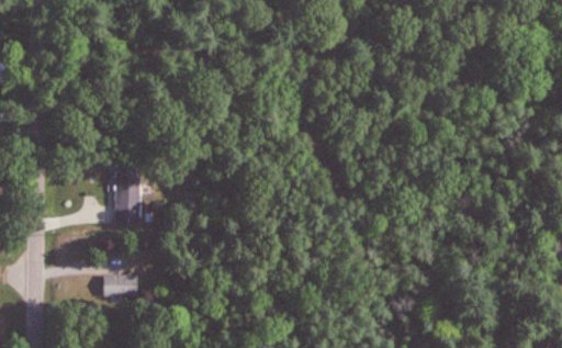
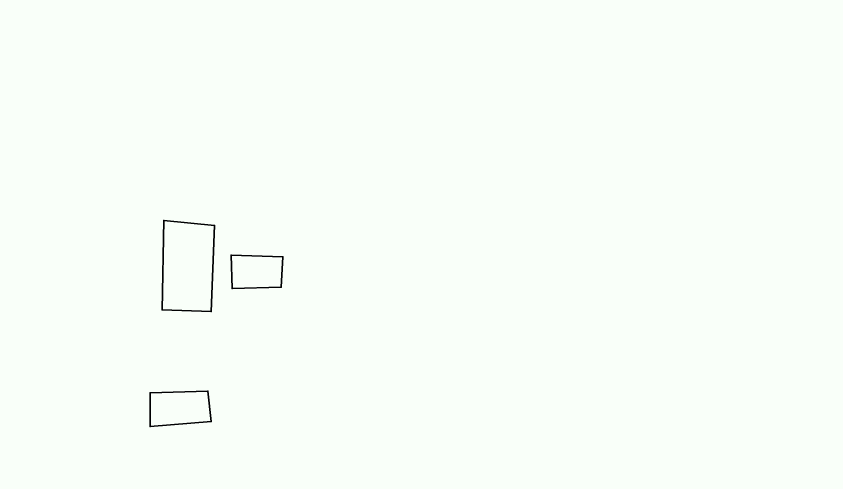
building: none -> [231,255,283,289]

